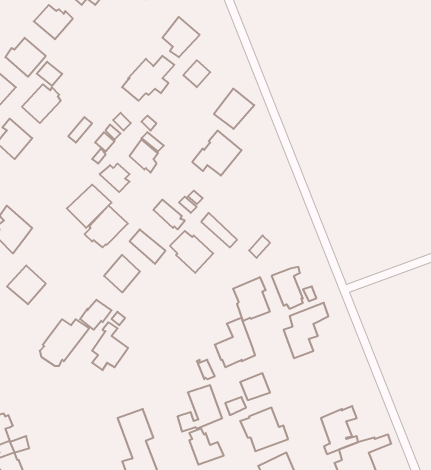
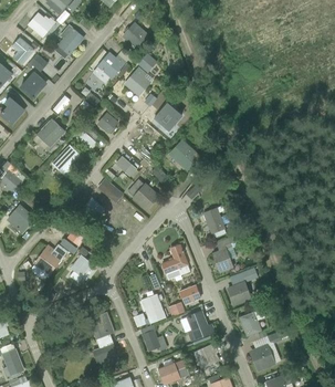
building: none -> [56,24,84,56]
building: [214,89,254,129] -> [124,66,154,96]
building: none -> [168,139,201,171]
building: [85,206,128,247] -> [33,118,65,149]
building: [233,277,270,321] -> none
building: none -> [226,268,258,306]

